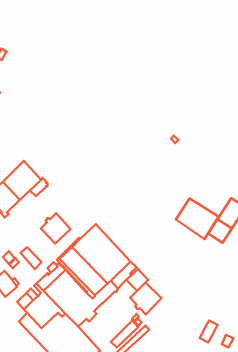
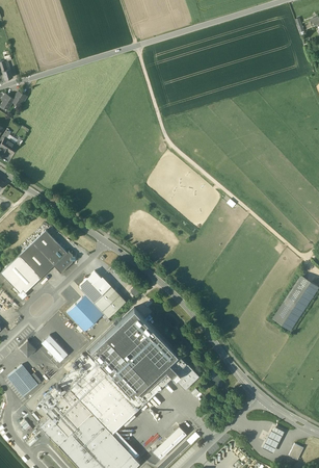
building: none -> [78,270,124,317]
building: [176,199,219,239] -> none
building: [130,283,161,314] -> none

